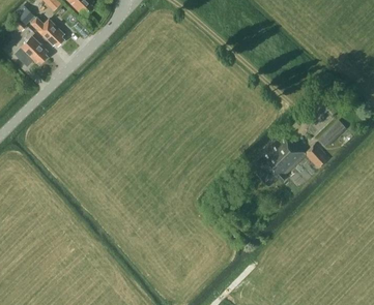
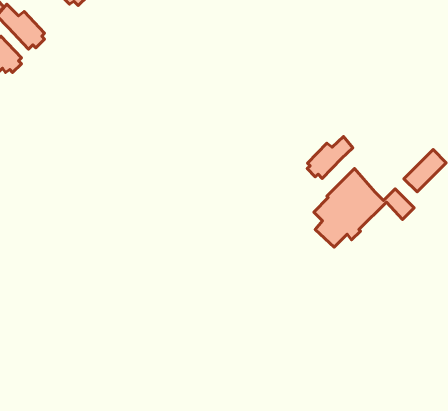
building: none -> [307,137,353,178]

